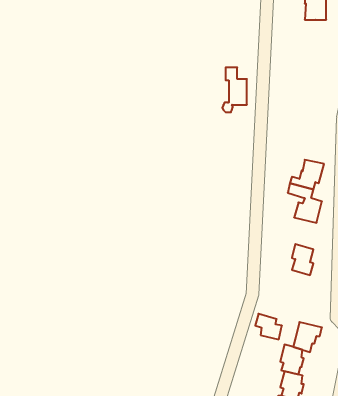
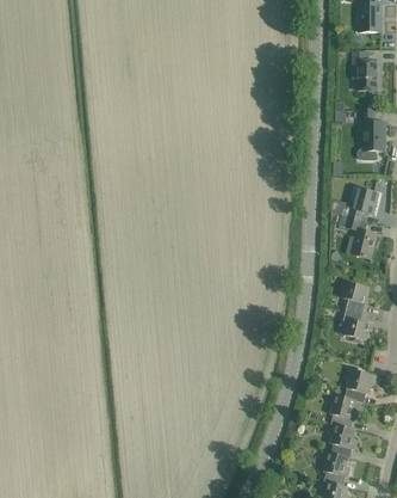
building: none -> [353,51,382,90]
building: [222,67,247,112] -> [358,109,385,159]
building: [255,314,282,339] -> [340,311,370,339]

